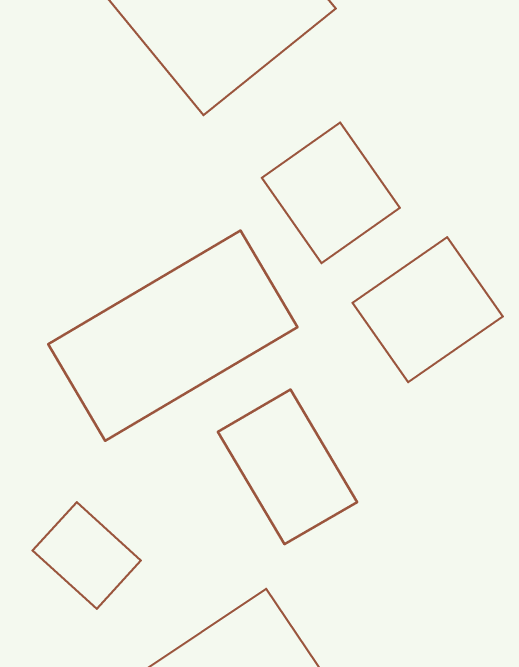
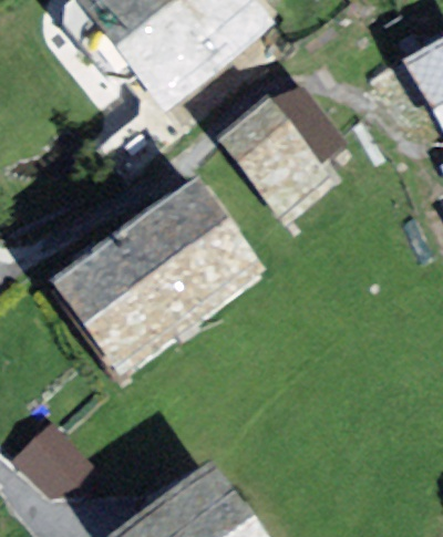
building: [352,237,503,382] -> none
building: [218,390,357,544] -> none

